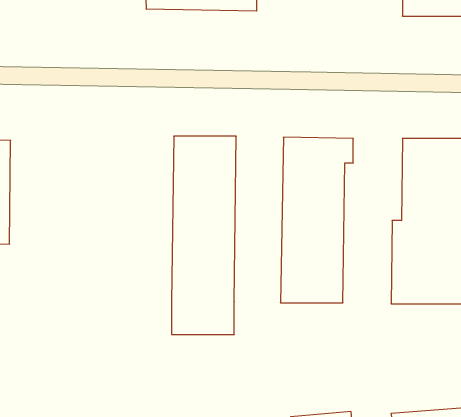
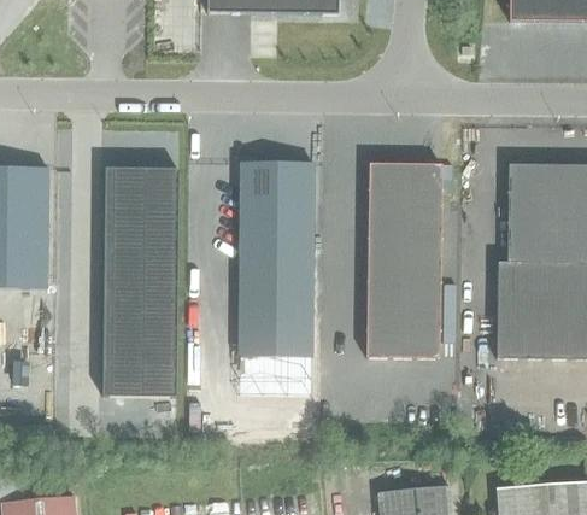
building: none -> [104,168,180,396]

